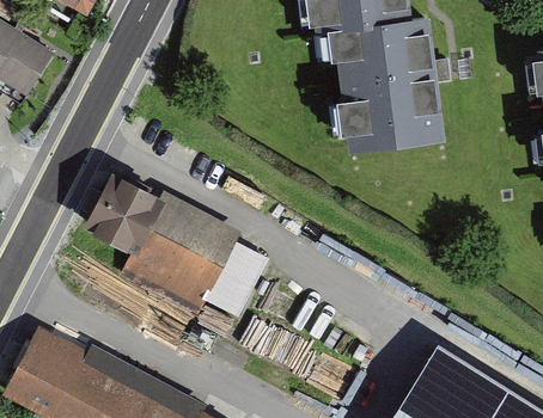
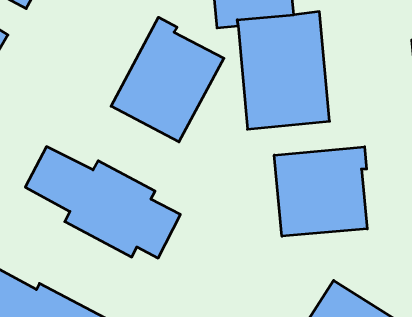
building: none -> [111,17,224,142]
building: none -> [274,147,367,236]

